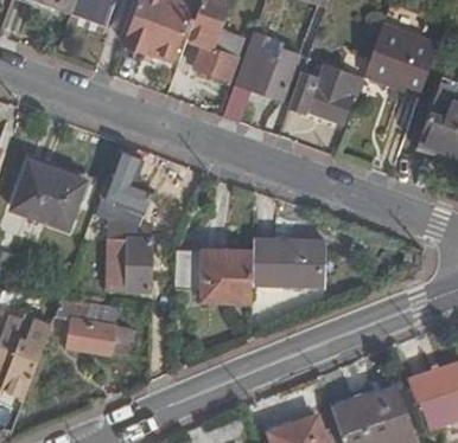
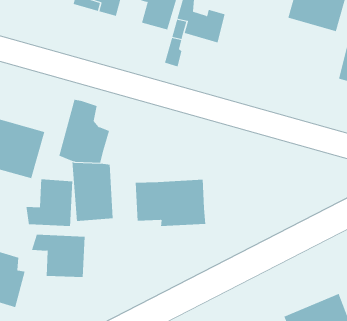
building: [293,62,365,117] -> none
building: none -> [26,178,73,227]
building: [256,242,329,283] -> none

